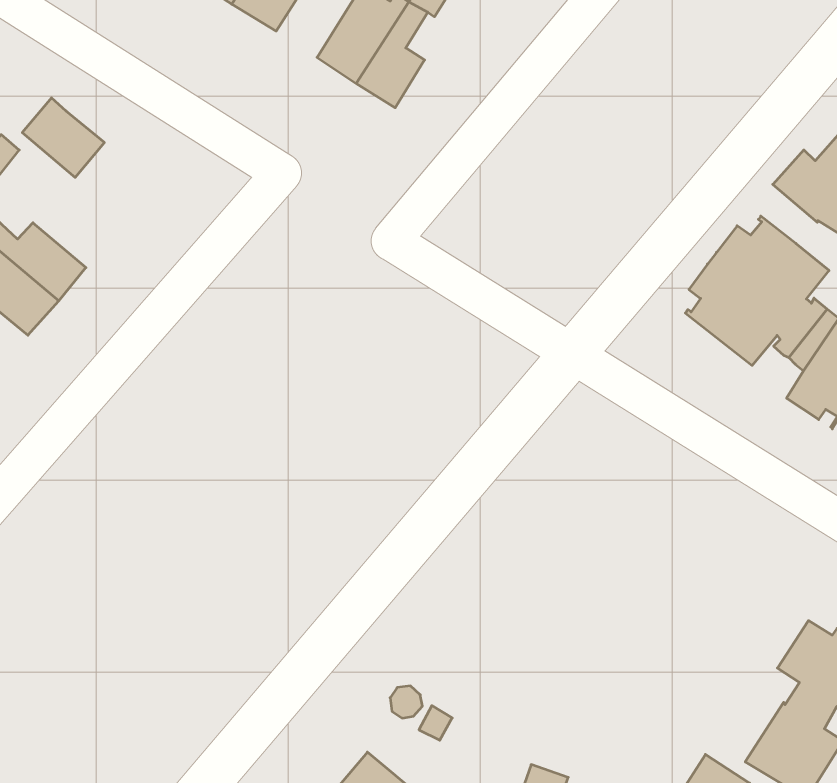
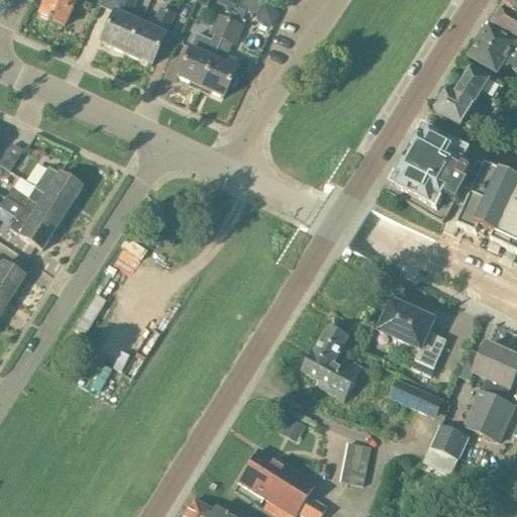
building: [22,98,104,177] -> [35,165,81,206]
building: none -> [381,299,447,366]
building: none -> [303,323,364,398]
building: none -> [399,384,435,414]

